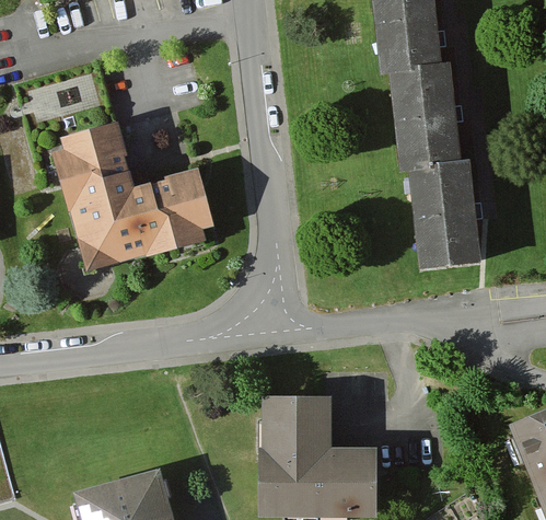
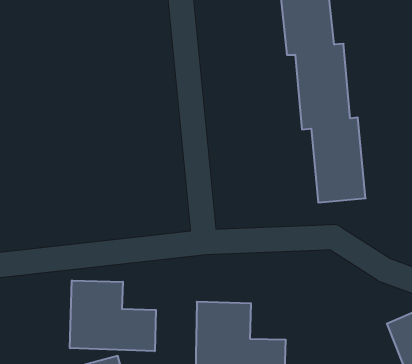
building: [51,124,213,273] -> none
building: none -> [70,280,156,351]

